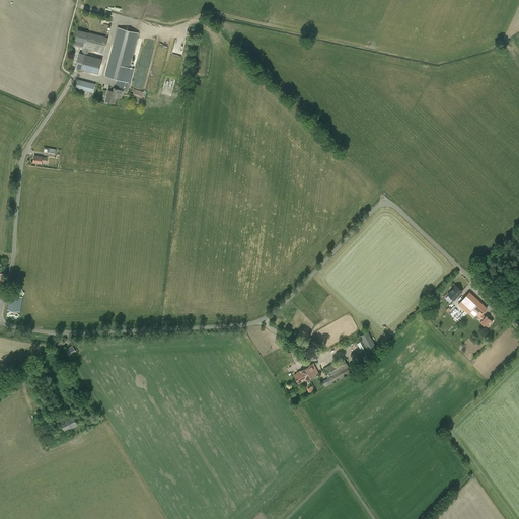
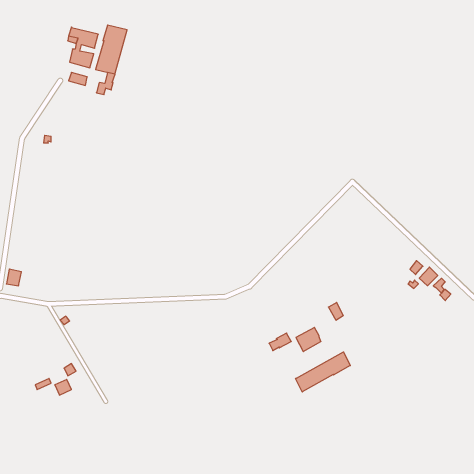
building: none -> [296,352,350,392]

